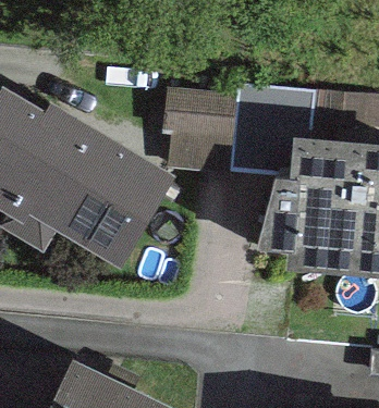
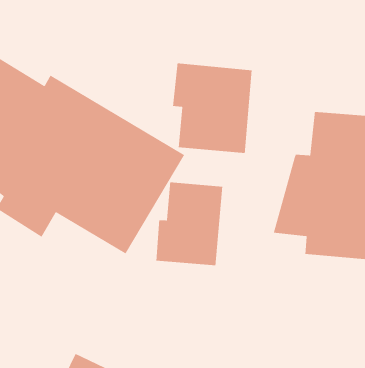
building: [229,89,311,178] -> none
building: none -> [155,181,223,266]

